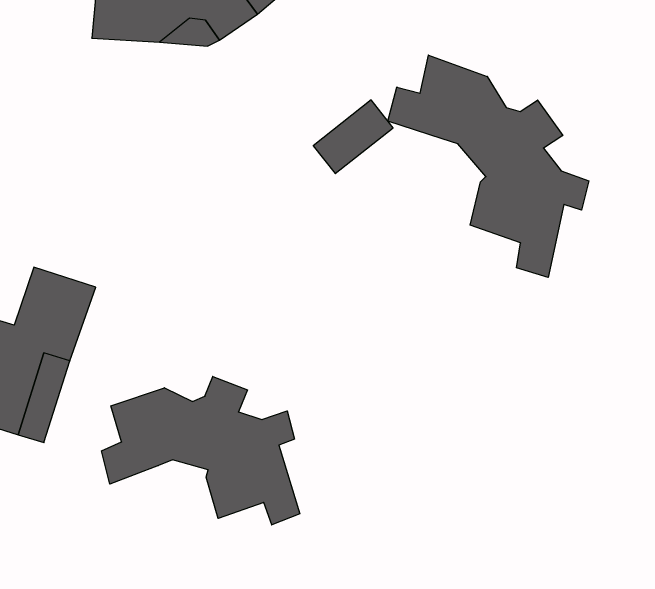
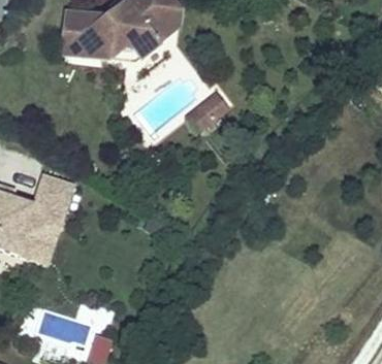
building: [388,55,589,277] -> none
building: [101,376,300,525] -> none

